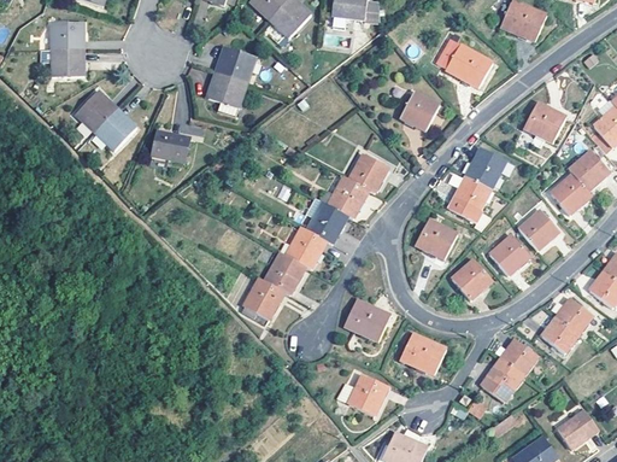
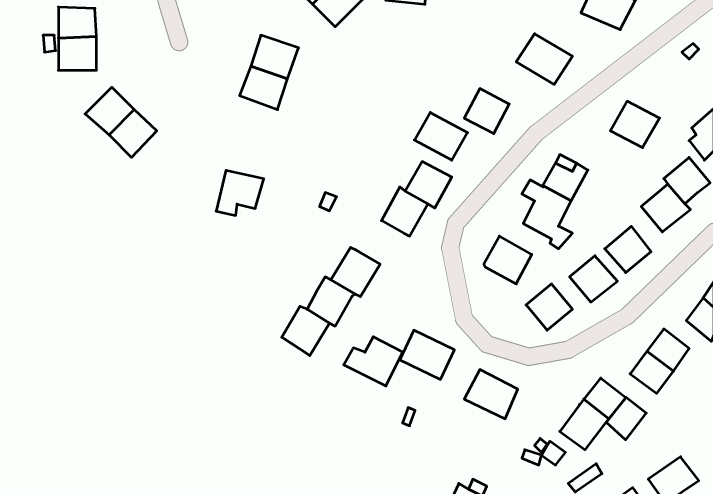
building: none -> [414,112,468,160]
building: [148,130,189,169] -> [216,170,264,215]
building: [306,201,347,245] -> none
building: none -> [606,397,646,440]
building: [336,373,387,415] -> [344,337,403,386]

